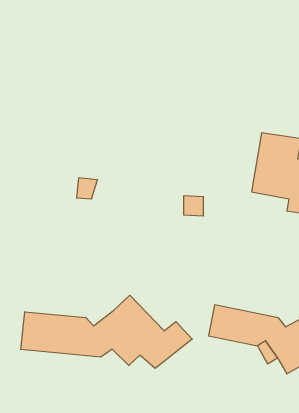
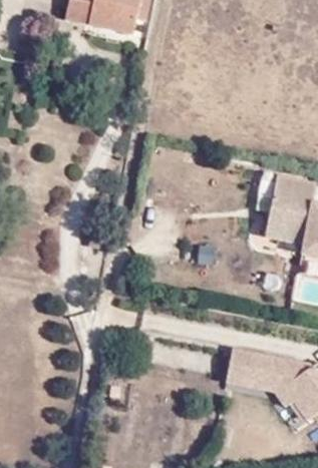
building: [21,295,192,368] -> none

